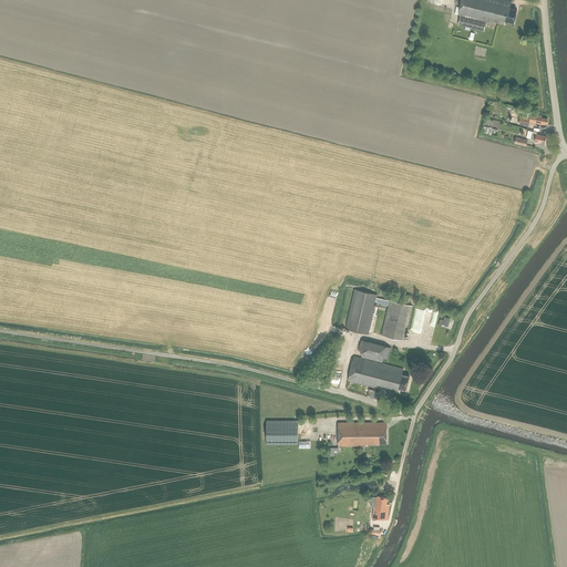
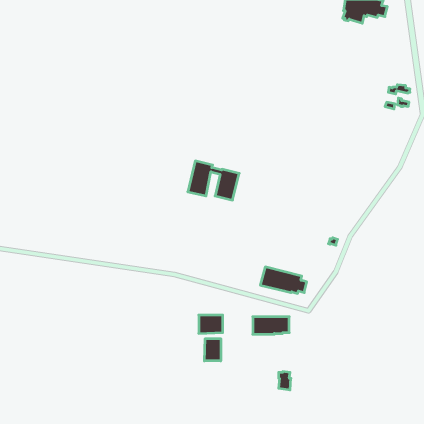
building: [343,288,412,340] -> [188,161,239,200]
building: [358,339,390,362] -> none
building: none -> [204,339,221,361]

